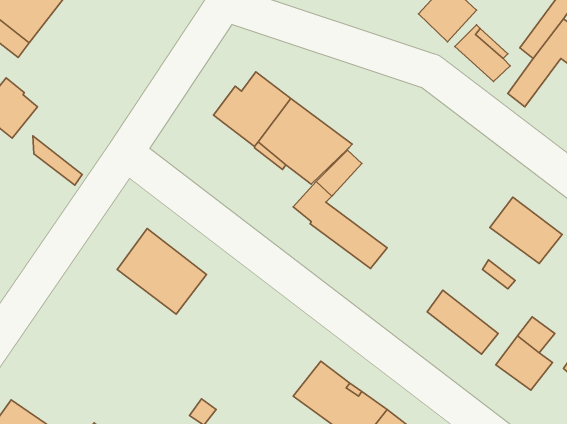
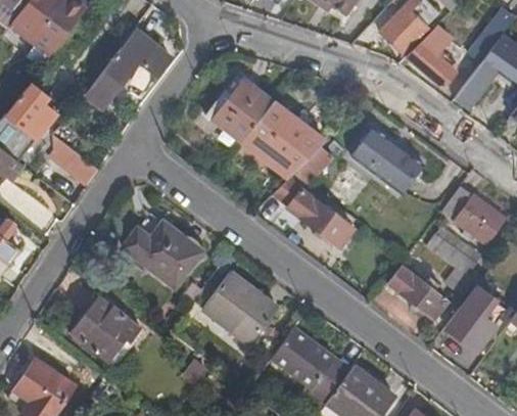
building: none -> [86,31,171,107]
building: none -> [351,129,424,194]
building: none -> [203,274,276,344]
building: none -> [70,295,140,361]

